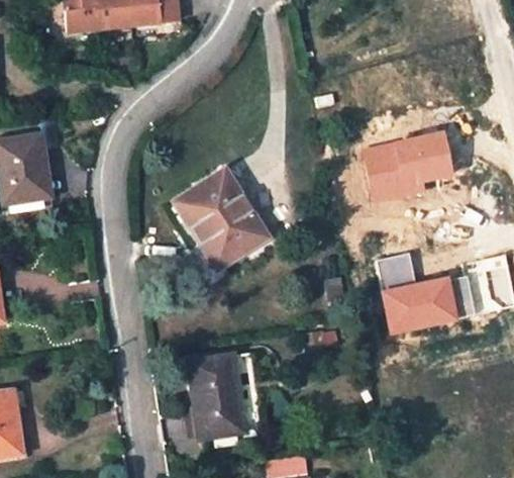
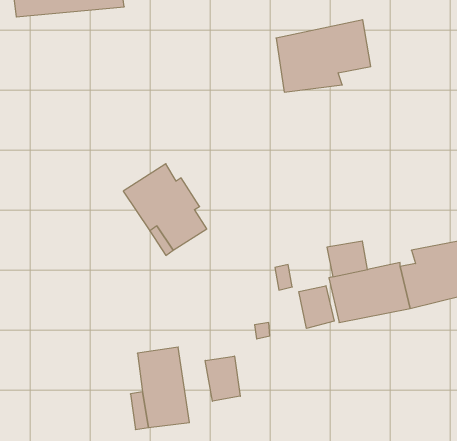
building: [361,128,454,200] -> [276,20,371,92]
building: none -> [299,286,334,328]
building: none -> [205,356,240,401]

